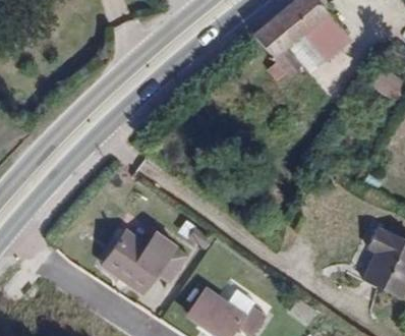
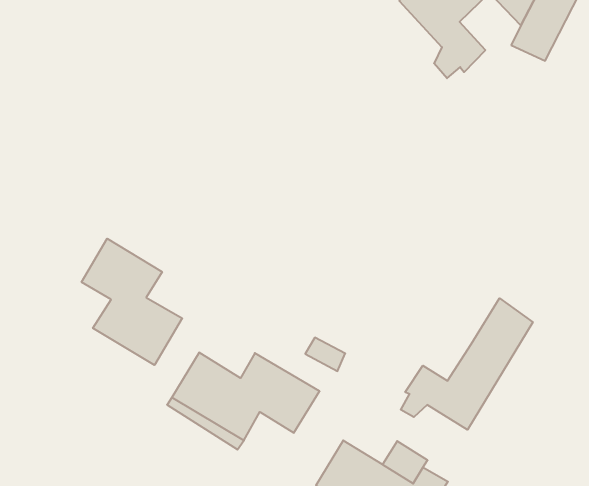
building: none -> [82,239,182,365]
building: none -> [401,298,533,430]

